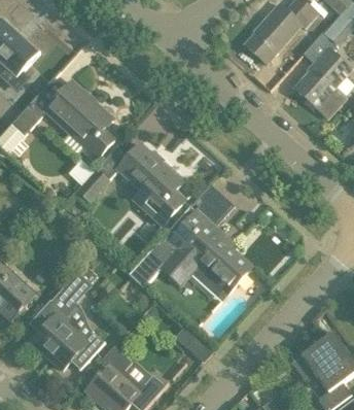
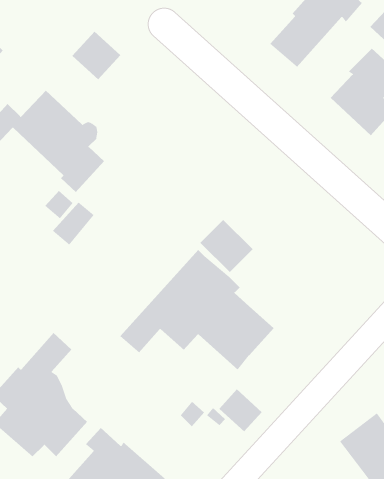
building: none -> [72,31,121,80]
building: [116,143,188,227] -> none
building: none -> [218,389,263,432]

